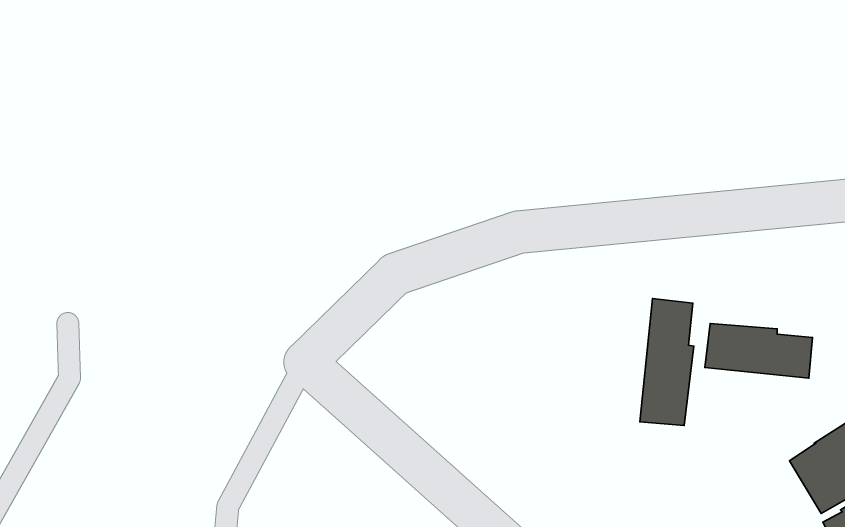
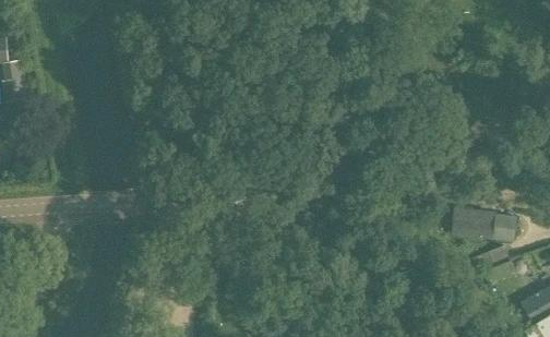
building: [640,298,694,426] -> none

